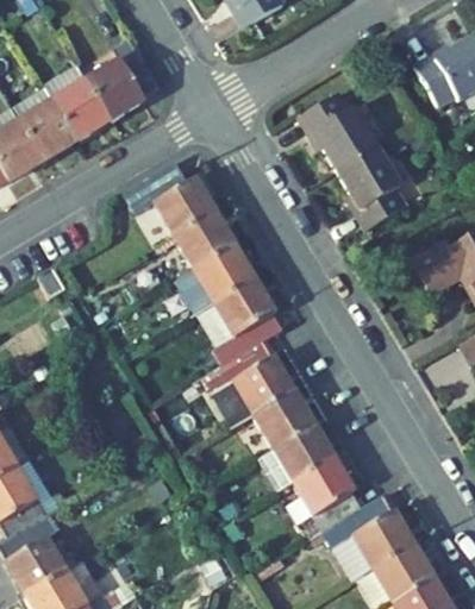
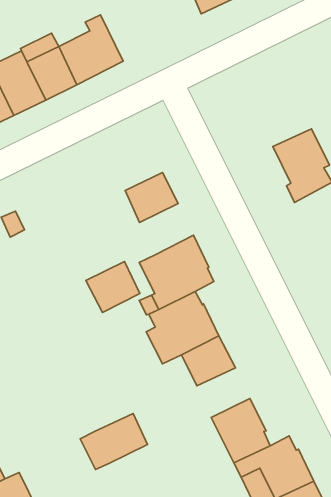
building: [299,93,379,171] -> none
building: [124,161,215,234] -> none
building: [194,244,256,303] -> [86,261,140,312]
building: [258,423,335,490] -> [80,414,147,470]

